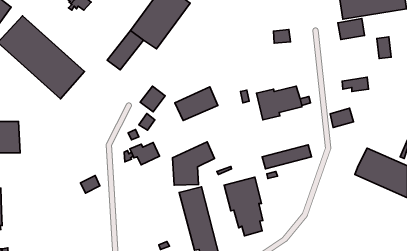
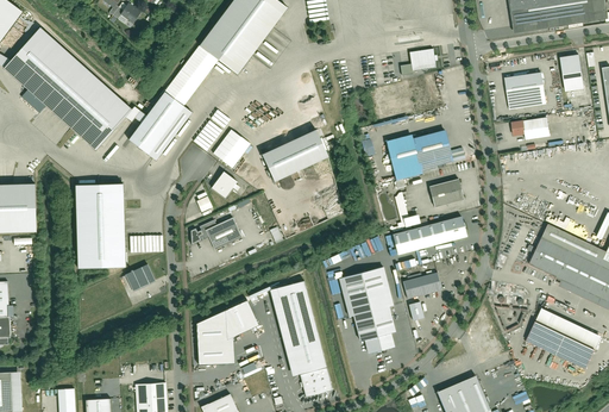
building: [338,19,364,40] -> [506,74,545,105]
building: none -> [128,92,183,154]
building: [330,108,353,128] -> [428,176,463,205]
building: none -> [75,186,124,268]
building: [173,142,214,185] -> [196,301,258,366]
building: none -> [402,270,440,296]
building: none -> [527,307,599,366]

